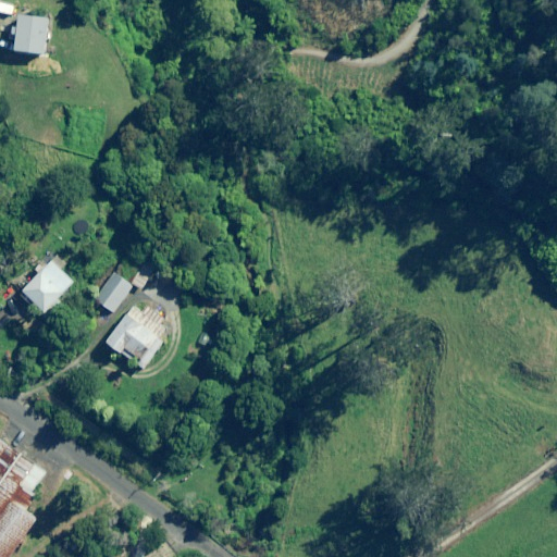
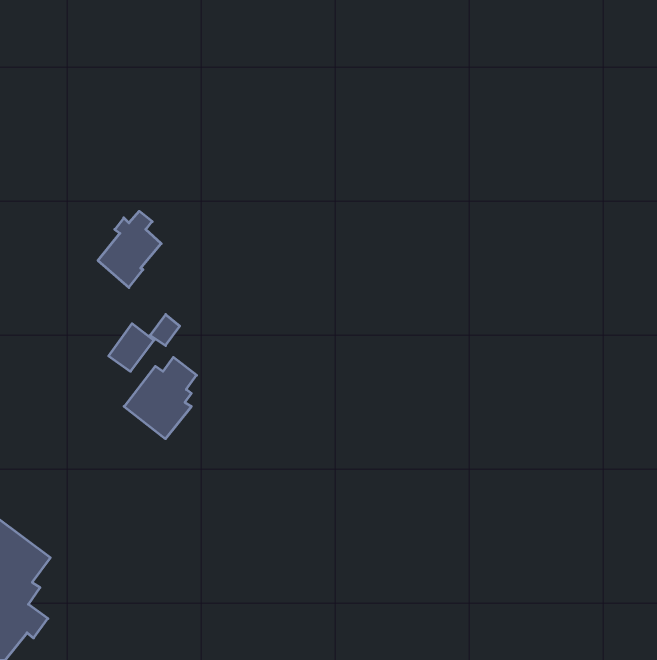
building: [9,14,47,54] -> none
building: [17,255,71,319] -> [98,211,161,288]

